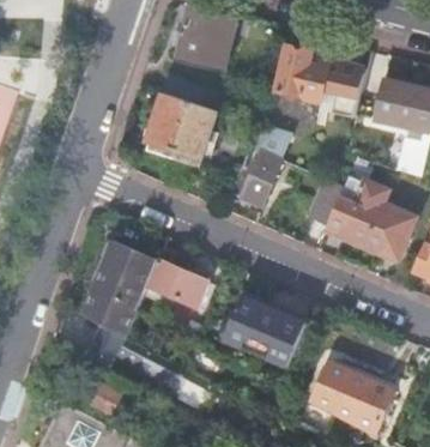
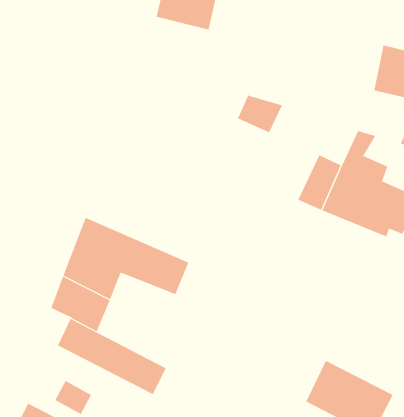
building: [271,46,367,117] -> none
building: [146,93,217,168] -> none
building: [230,146,281,206] -> none
building: [224,296,305,366] -> none

